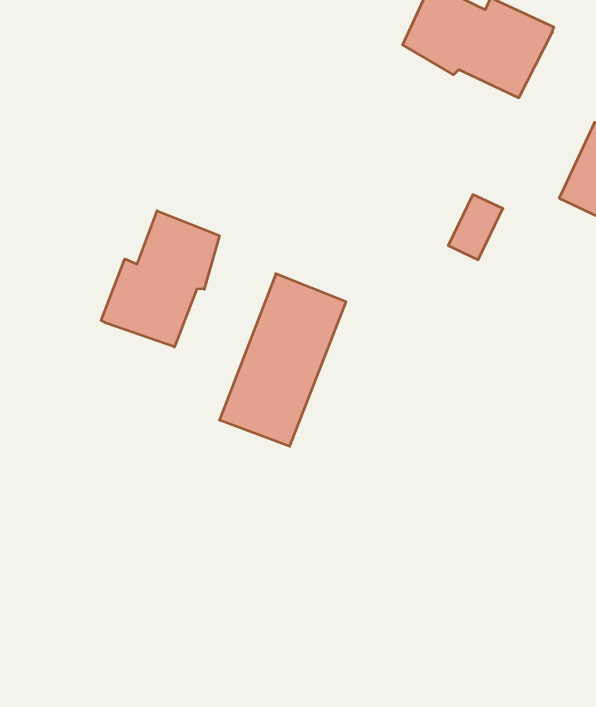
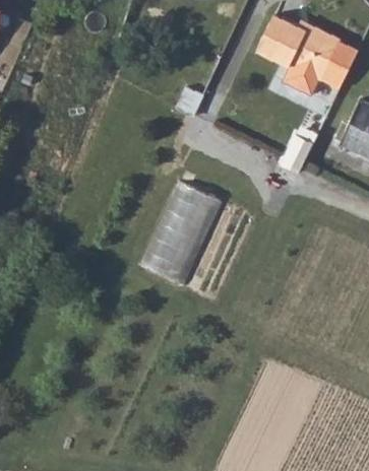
building: none -> [322,46,360,92]
building: [101,211,219,347] -> none

